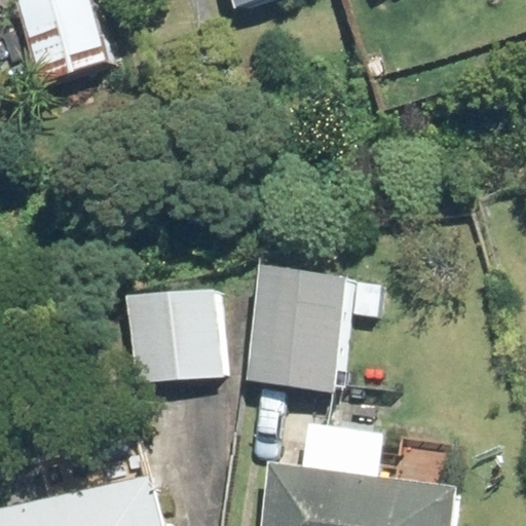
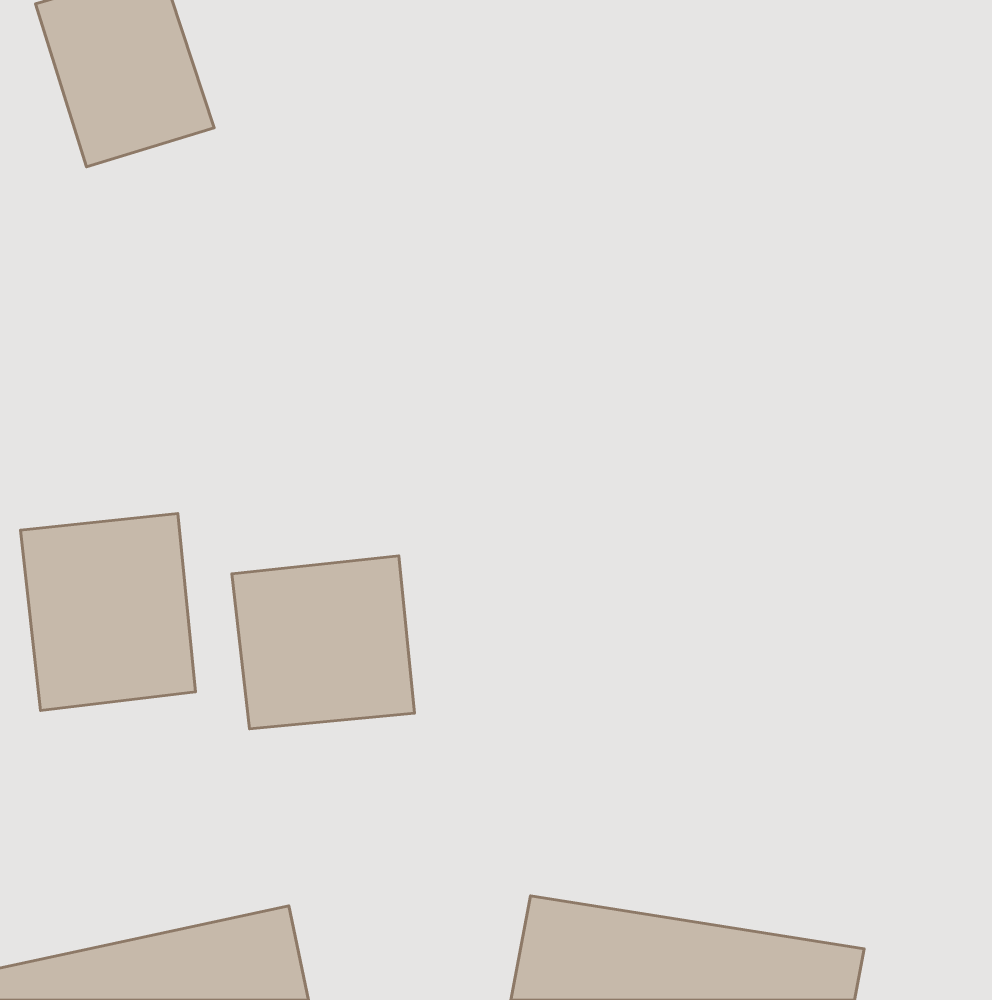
building: none -> [20,513,196,710]
building: [254,271,347,396] -> none

